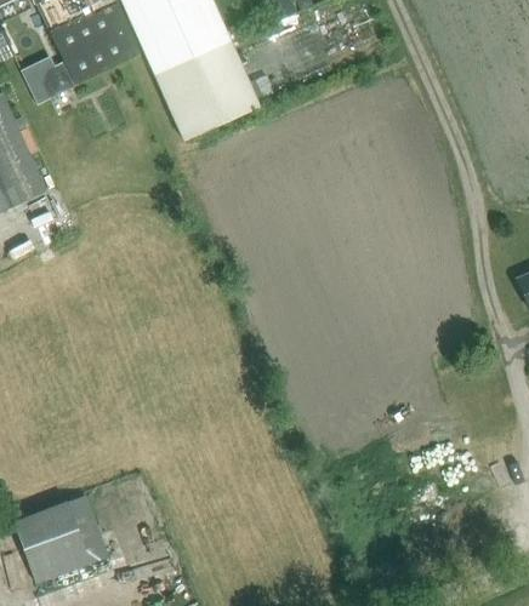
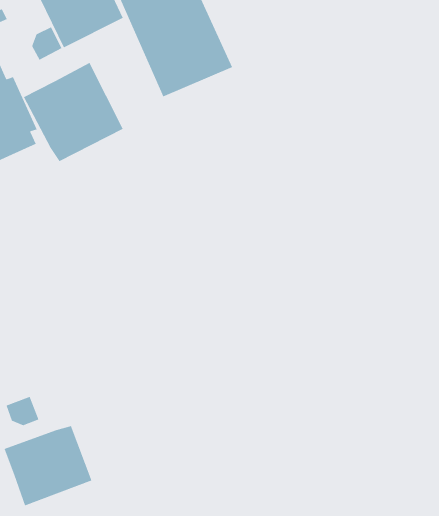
building: none -> [23,62,124,162]
building: none -> [5,396,40,426]

